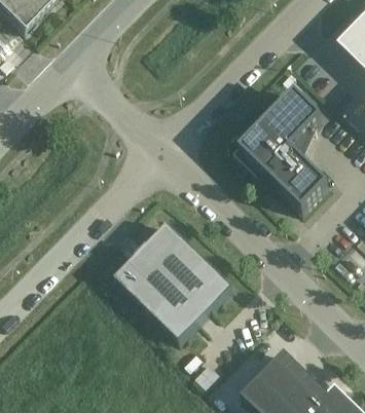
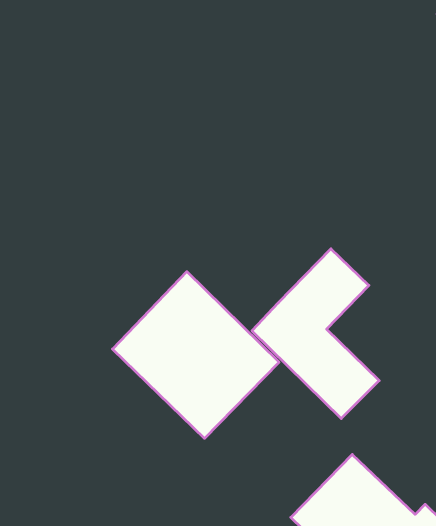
building: [239,88,328,208] -> [252,249,379,419]

